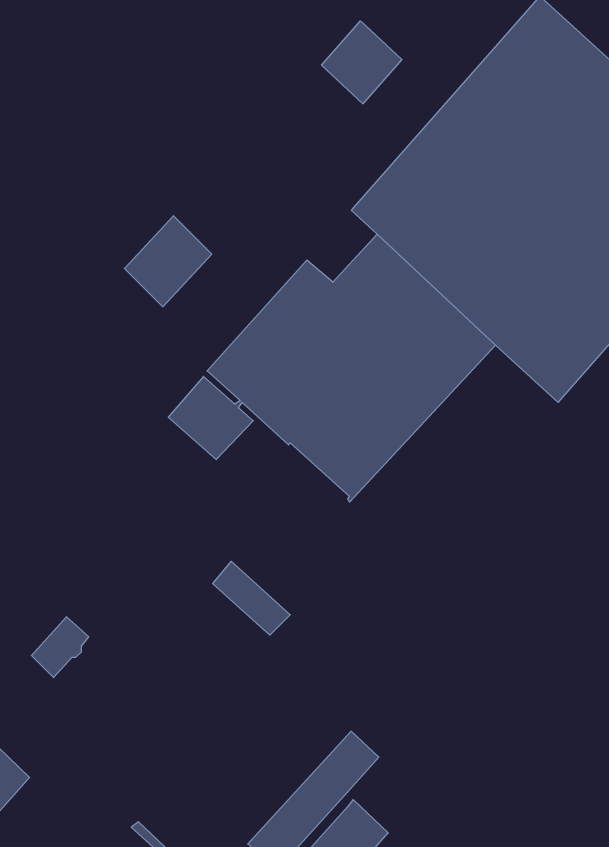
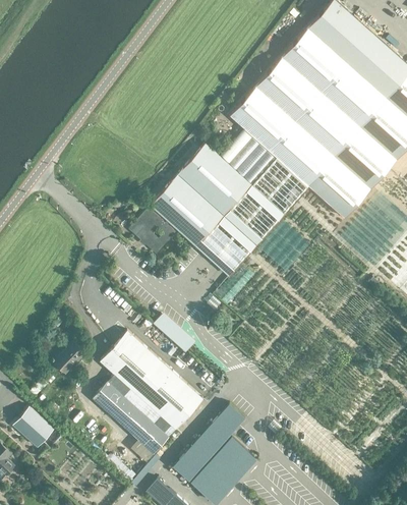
building: [322,21,402,104] -> none
building: [124,216,212,307] -> none
building: none -> [93,331,204,454]

